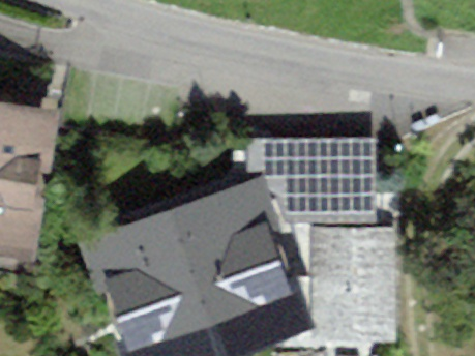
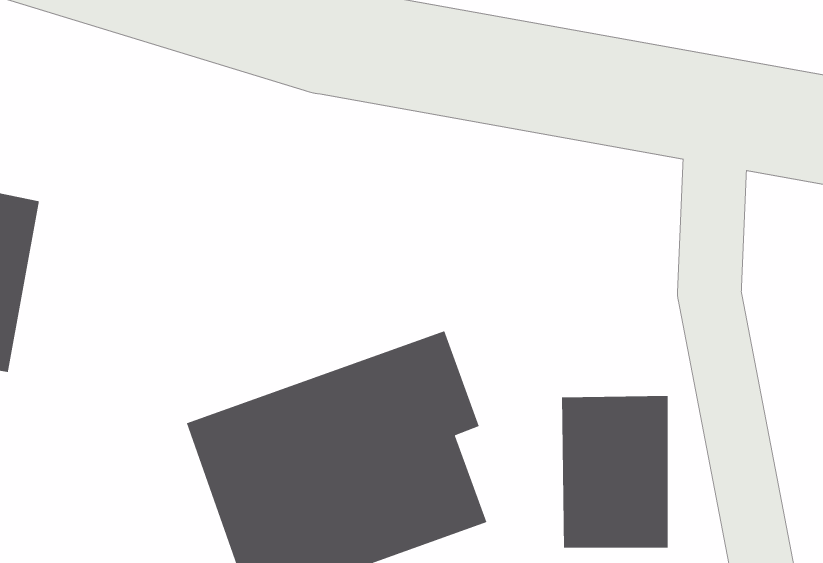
building: [249,136,369,209] -> none

